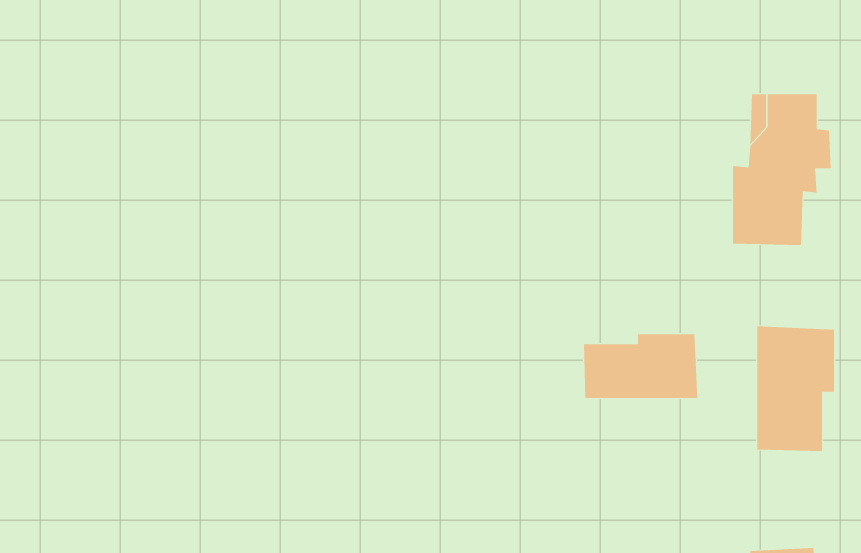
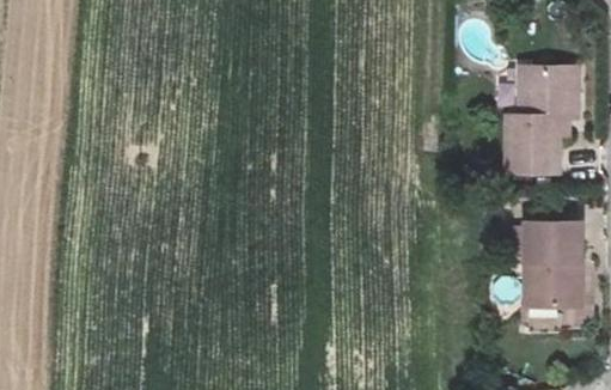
building: [583,333,698,399] -> none

